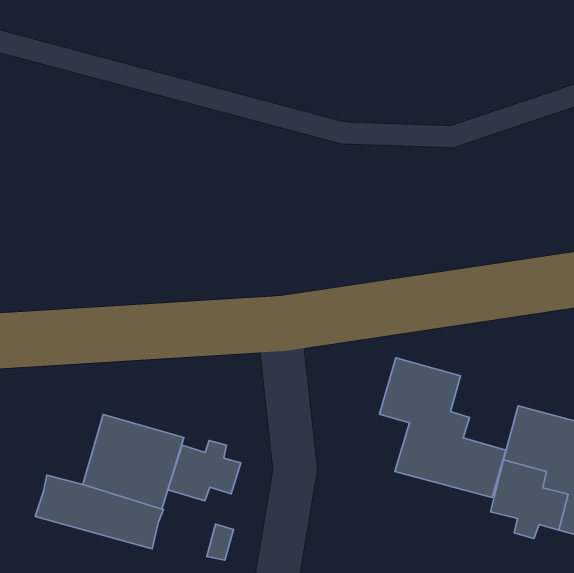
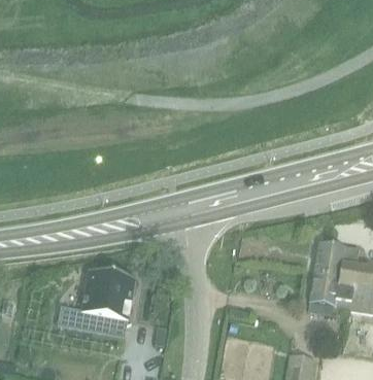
building: [379,358,506,498] -> none
building: [168,440,241,501] -> none

